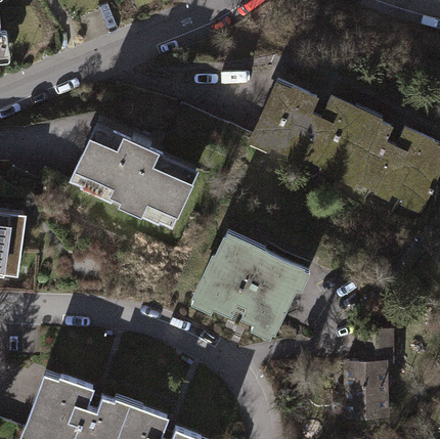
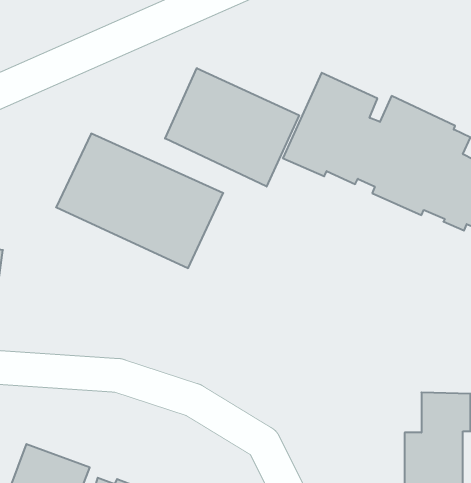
building: none -> [165,68,299,187]
building: [190,230,313,344] -> none

